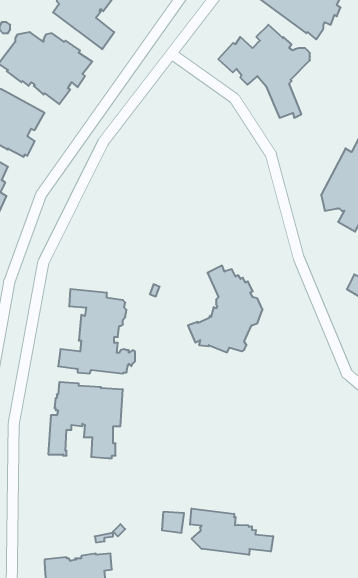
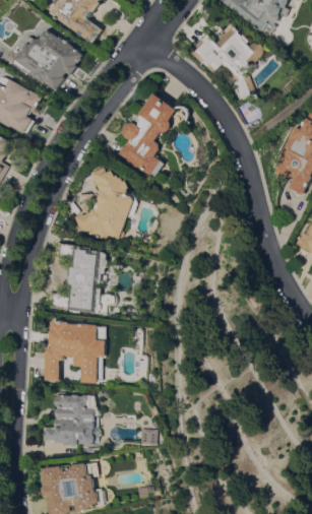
building: none -> [117,92,175,176]
building: [188,266,263,352] -> [75,167,137,239]
building: none -> [42,394,100,445]
building: [190,508,273,555] -> none

